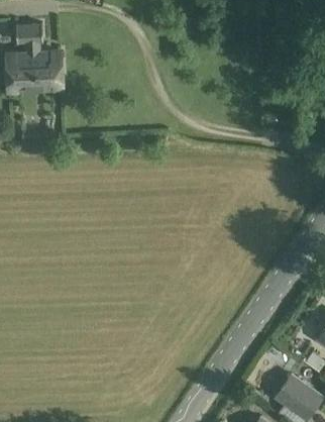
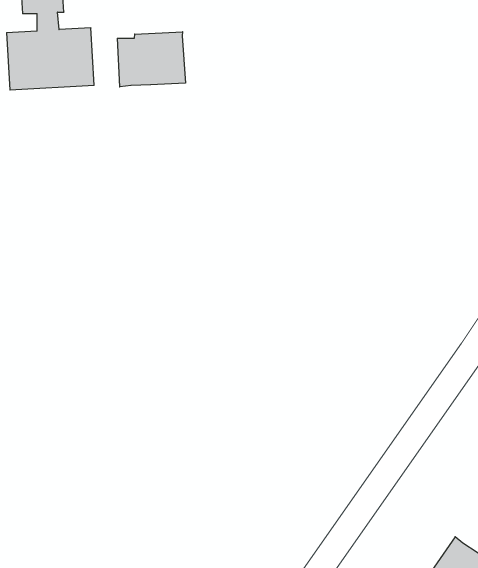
building: none -> [117,32,185,87]

